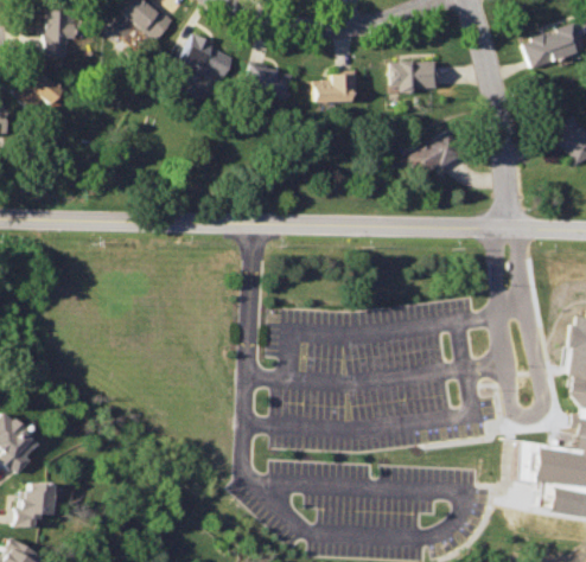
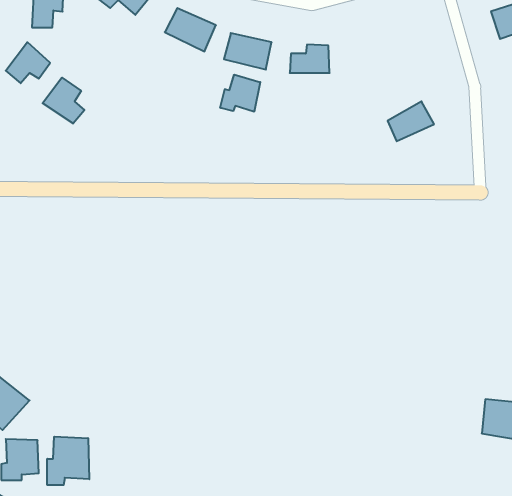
building: [393,59,440,88] -> none
building: none -> [220,75,260,112]
building: none -> [43,78,84,124]
building: none -> [47,437,89,485]

